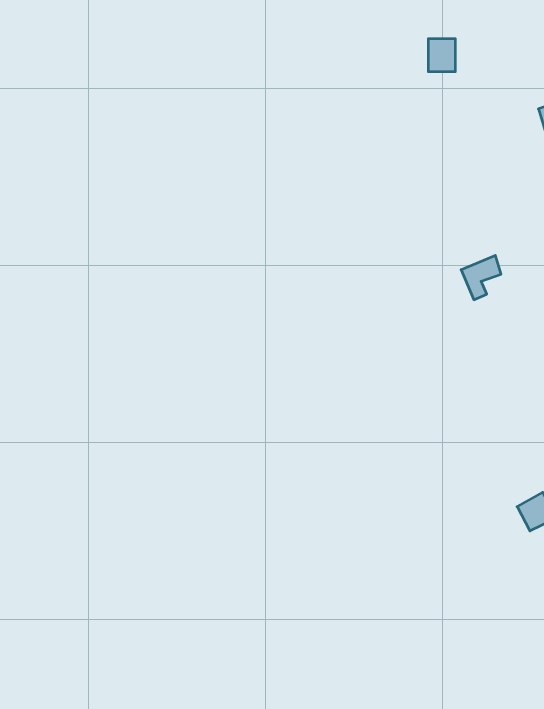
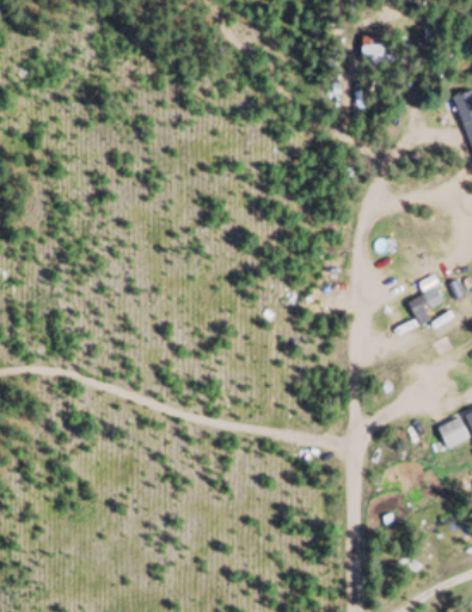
building: [461,255,501,300] -> [409,286,442,323]

